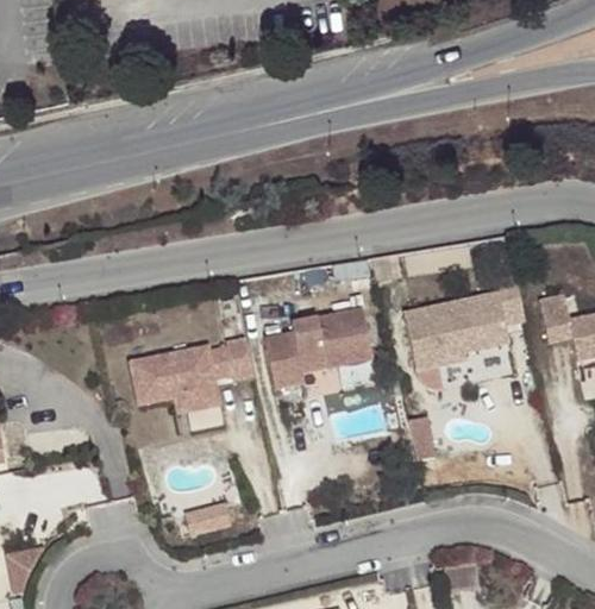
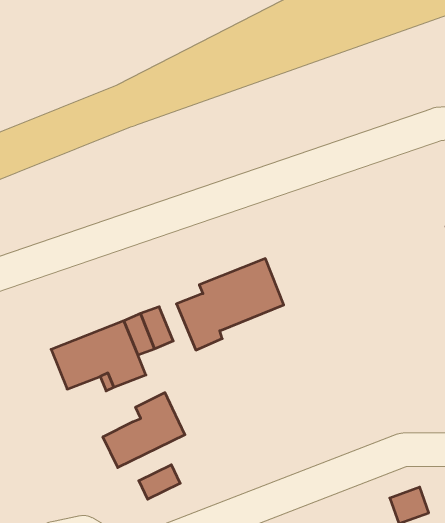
building: [406,281,527,376] -> none
building: none -> [103,393,185,468]

